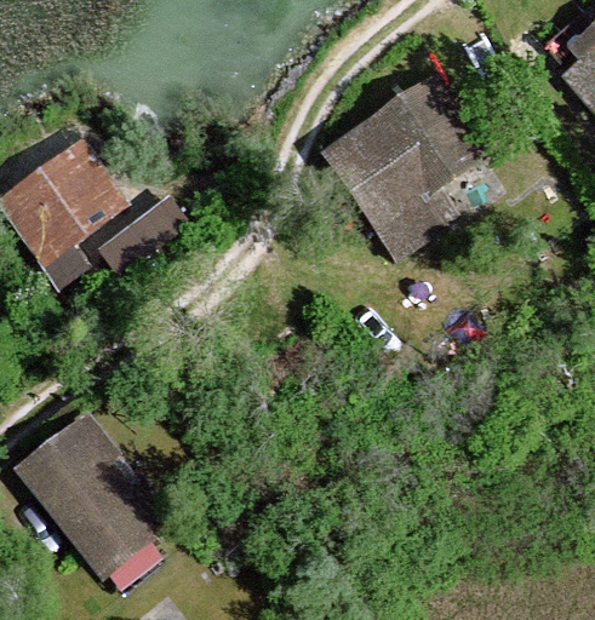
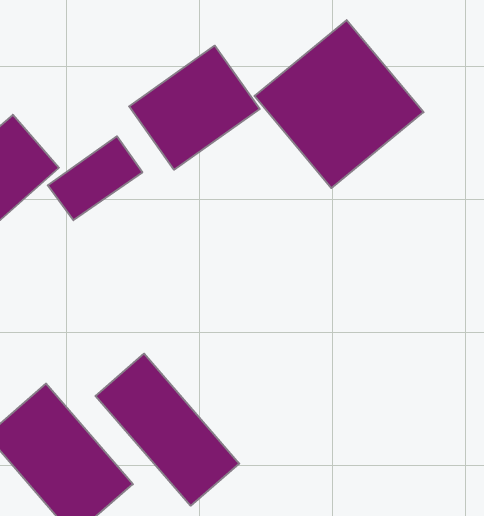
building: none -> [129,46,260,170]
building: none -> [95,354,239,506]

